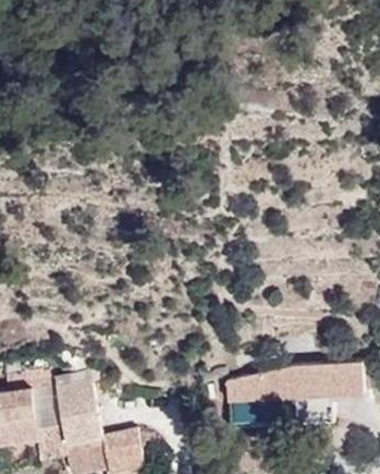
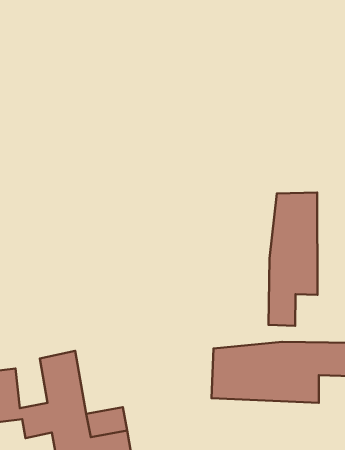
building: none -> [269,193,318,326]

